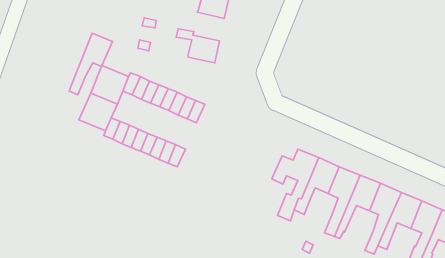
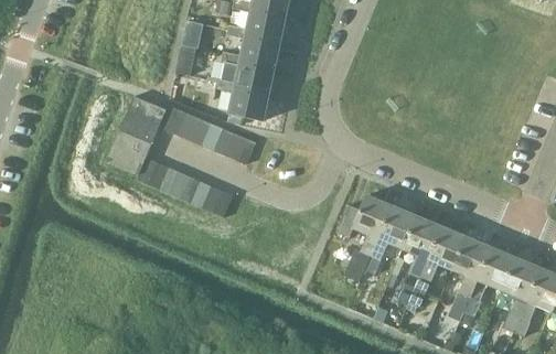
building: none -> [229,23,280,65]
building: [69,33,113,95] -> none
building: none -> [217,78,269,122]

